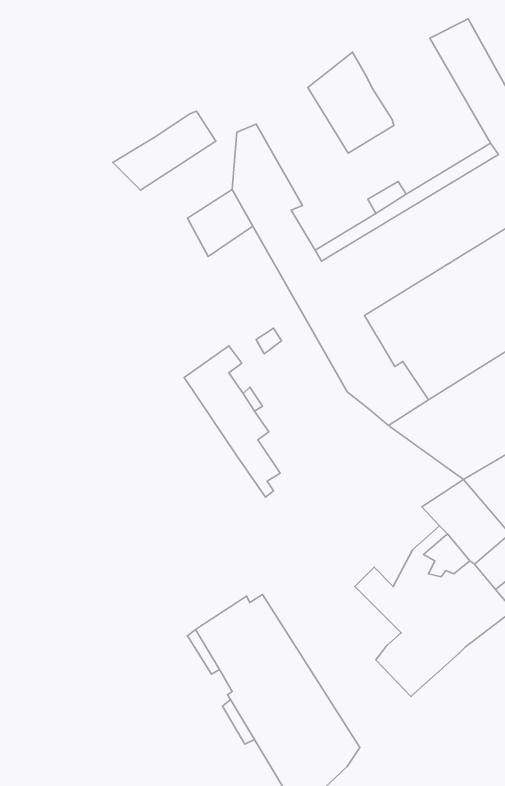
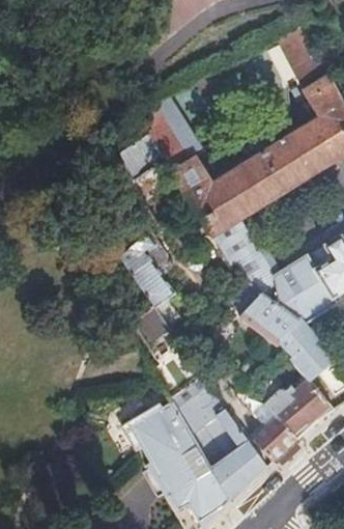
building: [308,52,394,153] -> none
building: [113,111,216,190] -> none
building: none -> [227,280,304,343]
building: none -> [171,378,269,500]

